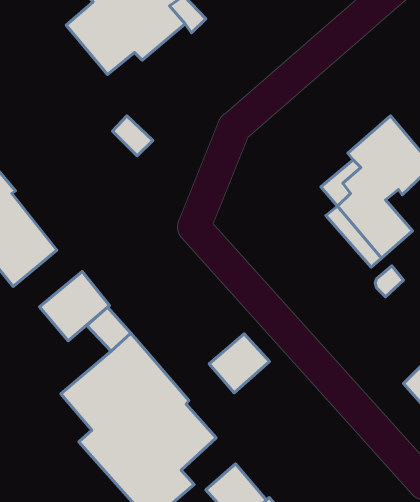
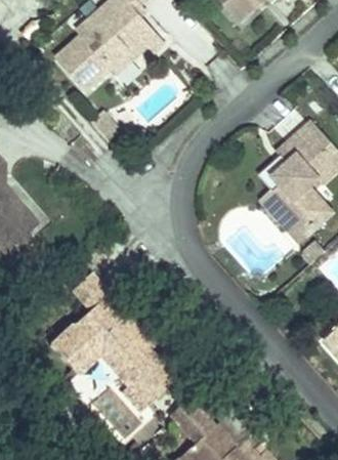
building: [39,272,110,341] -> none
building: [209,334,270,393] -> none

